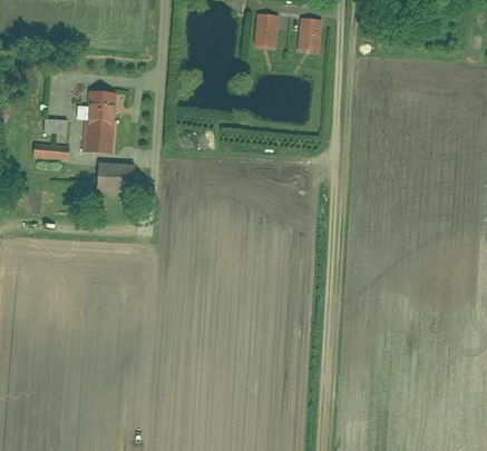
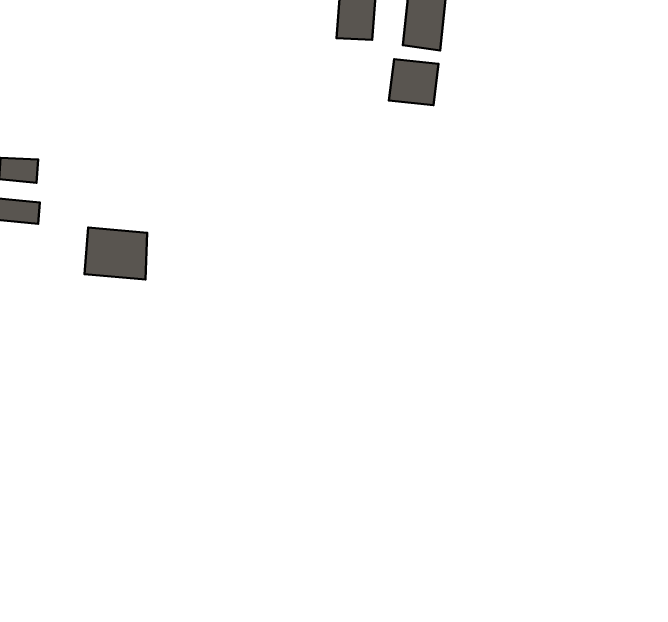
building: none -> [389,59,439,105]
building: [77,90,117,154] -> none

